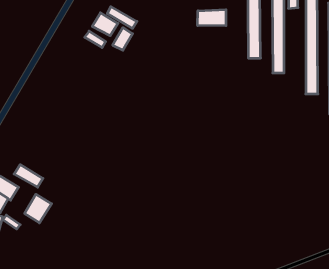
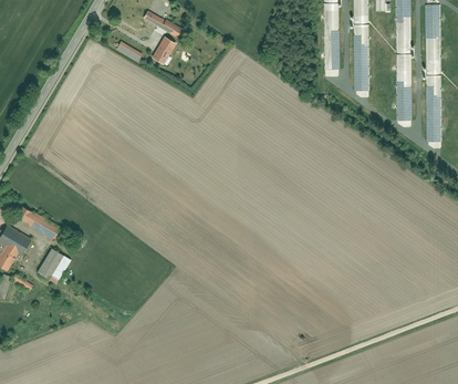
building: [198,10,226,26] -> none
building: [92,13,118,36] -> none

